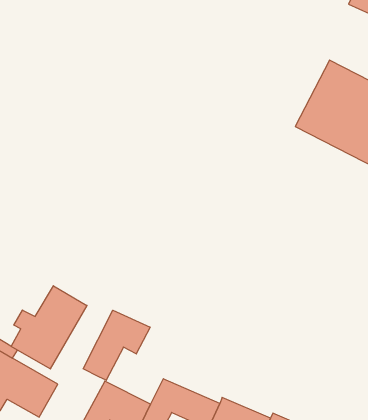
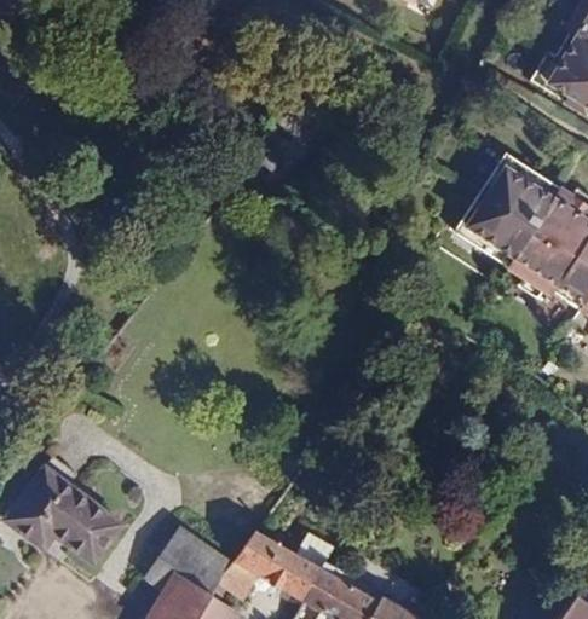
building: [11,286,87,369] -> none
building: [83,310,150,380] -> none

